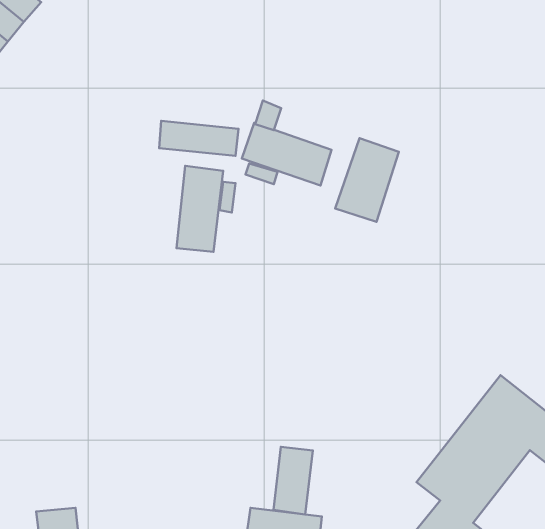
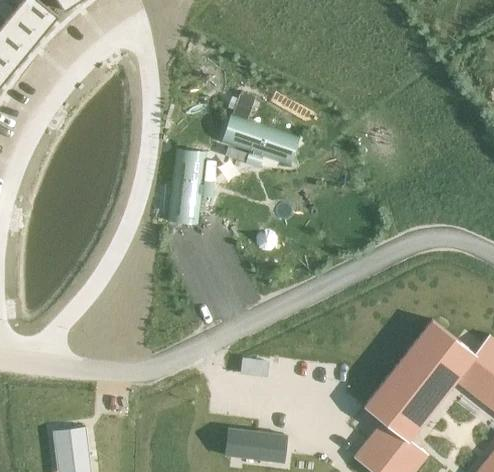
building: [159,121,239,156] -> none
building: [335,138,399,222] -> none
building: [274,447,313,515] -> none

